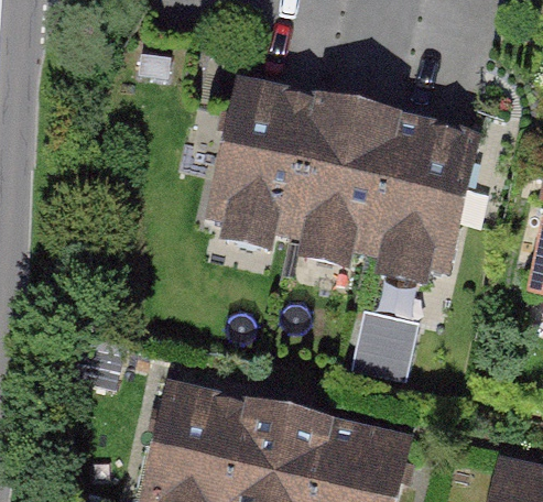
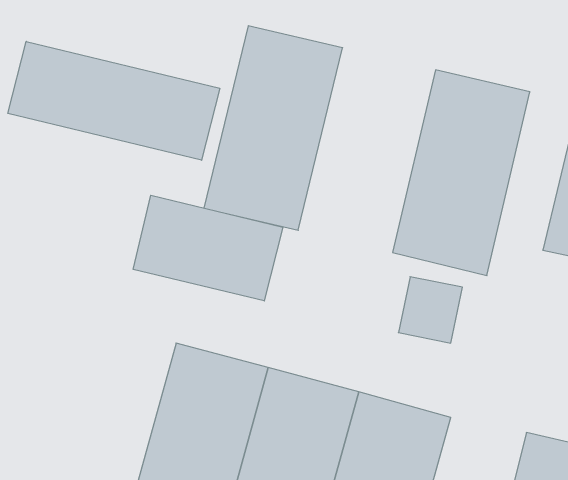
building: none -> [8,41,220,160]
building: [283,91,413,285] -> none
building: none -> [133,195,283,301]

